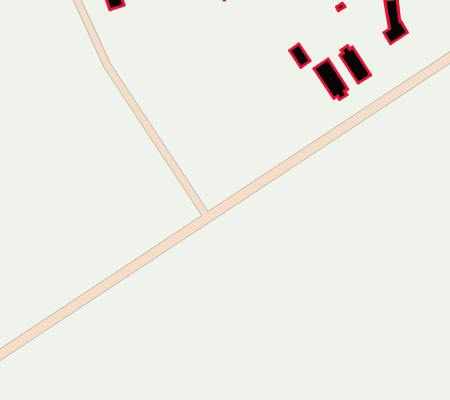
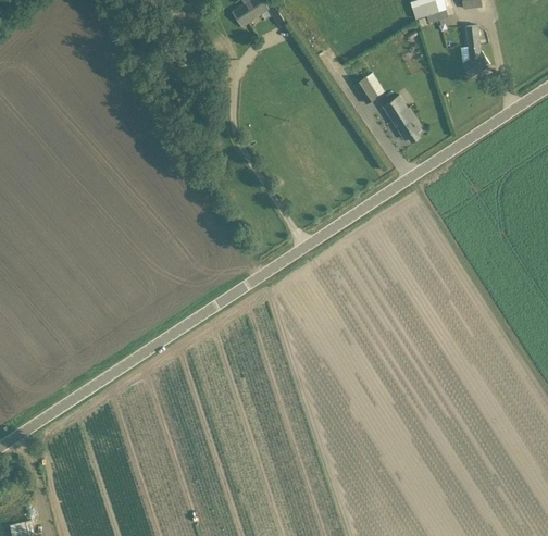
building: [340,46,371,83] -> none

